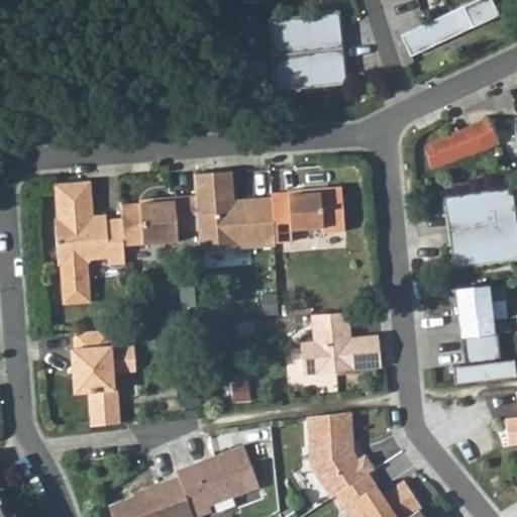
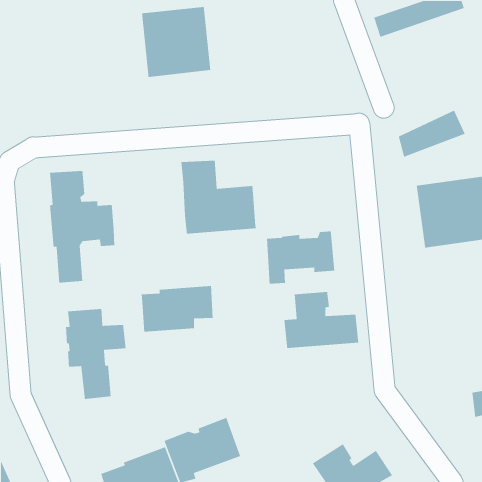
building: [271,14,345,91] -> [141,6,211,78]
building: [272,185,345,242] -> [266,230,335,284]
building: [120,196,198,246] -> [141,285,214,333]
building: [456,286,502,383] -> none
building: [306,413,374,499] -> none

